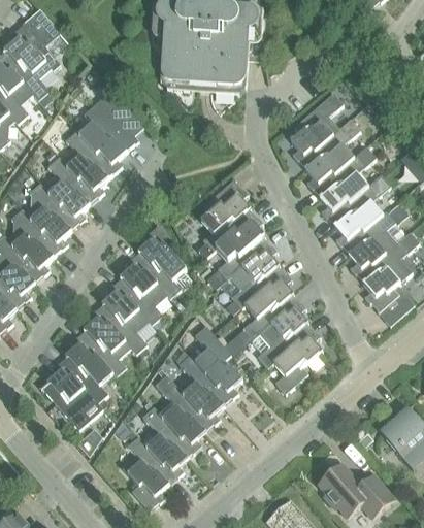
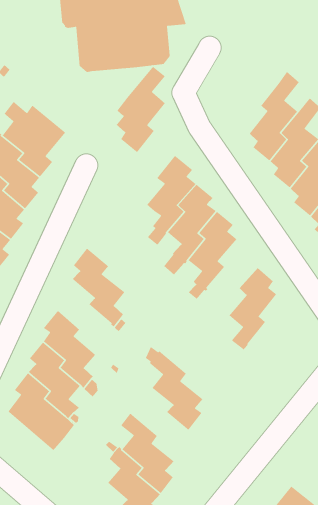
building: [290,92,344,169] -> [115,66,166,153]
building: [139,223,191,298] -> none
building: [237,264,293,343] -> none
building: [103,275,150,355] -> none
building: [272,321,322,393] -> none
building: [194,325,242,405] -> none
building: [155,374,204,458] -> none

